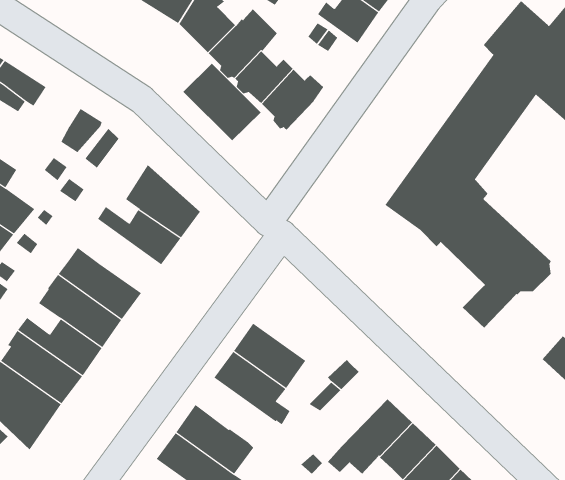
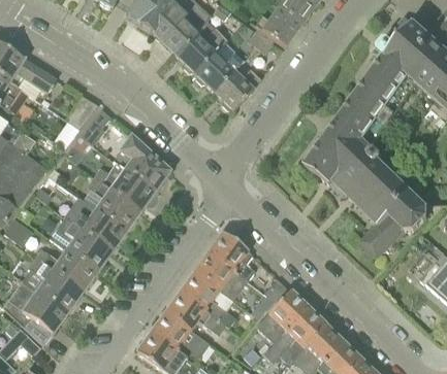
building: [183,63,261,141] -> none
building: none -> [86,174,140,229]
building: none -> [207,231,253,278]
building: none -> [255,288,307,341]
building: none -> [165,291,225,333]

